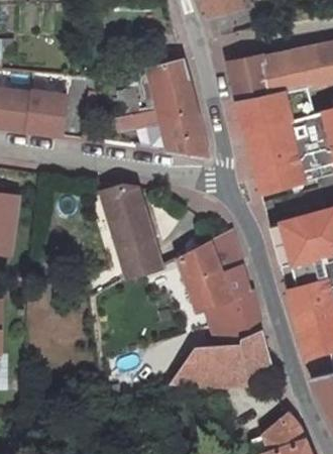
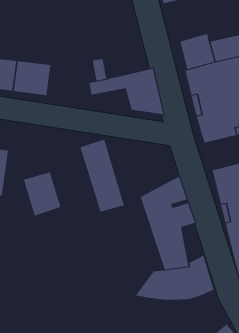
building: [150,58,197,108] -> none
building: none -> [23,171,61,216]
building: [232,290,259,340] -> none

